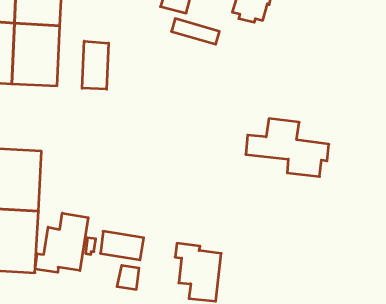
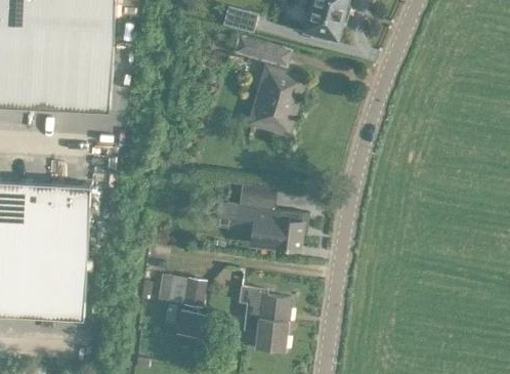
building: [82,41,109,89] -> none
building: none -> [250,68,302,131]
building: [246,119,329,177] -> [215,184,307,249]
building: [35,213,88,272] -> none

